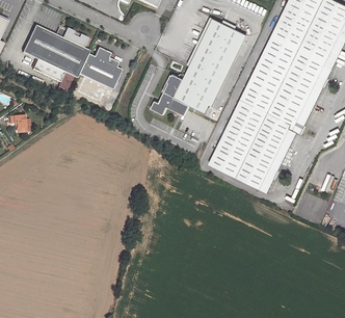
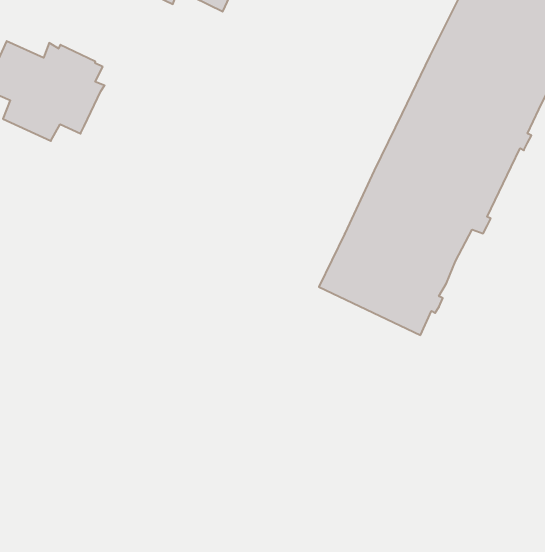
building: [151,18,244,115] -> none
building: [78,48,122,90] -> none

